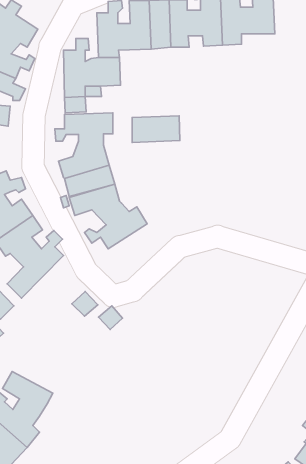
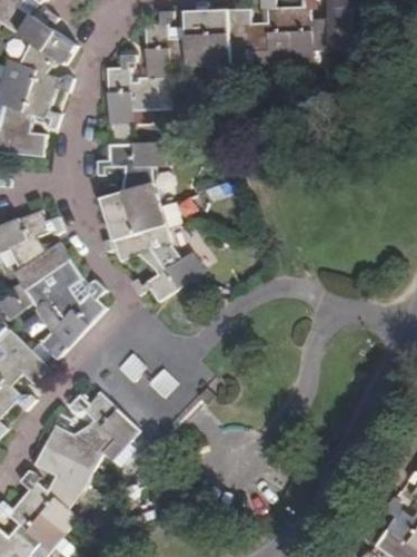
building: [132,116,180,142] -> none
building: none -> [46,393,140,470]

